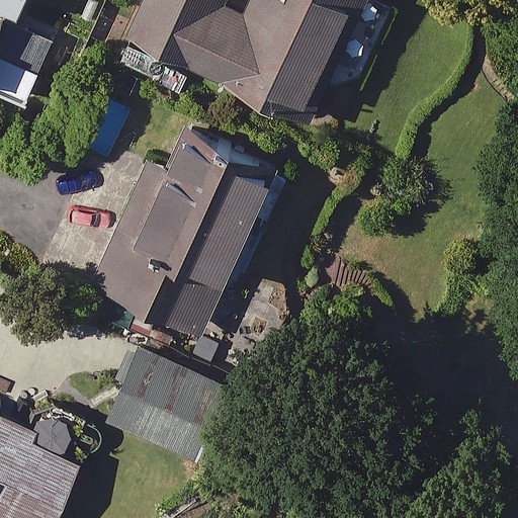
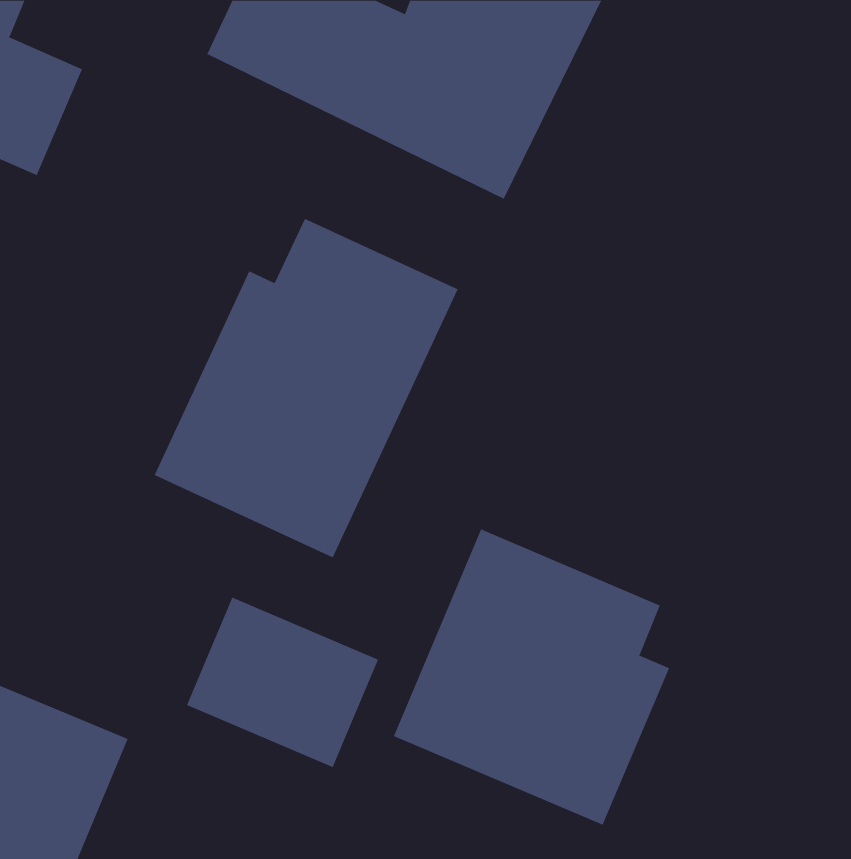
building: none -> [393,529,670,826]

